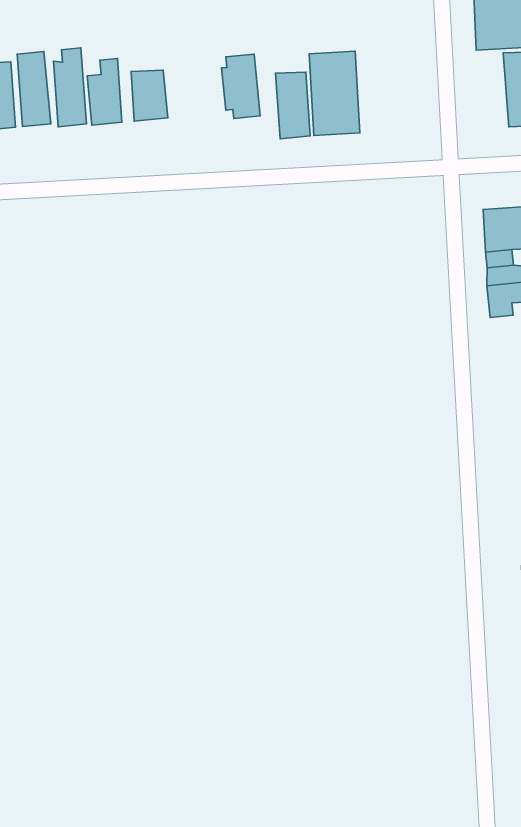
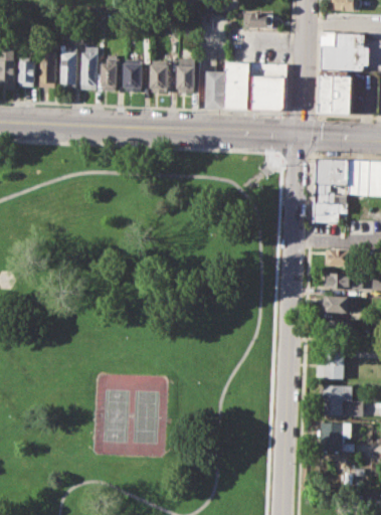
building: none -> [249,63,287,112]
building: none -> [319,71,335,115]
building: none -> [150,60,169,93]

